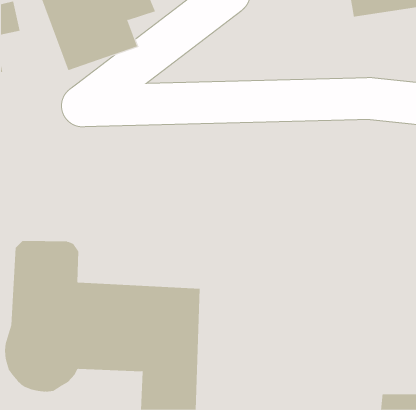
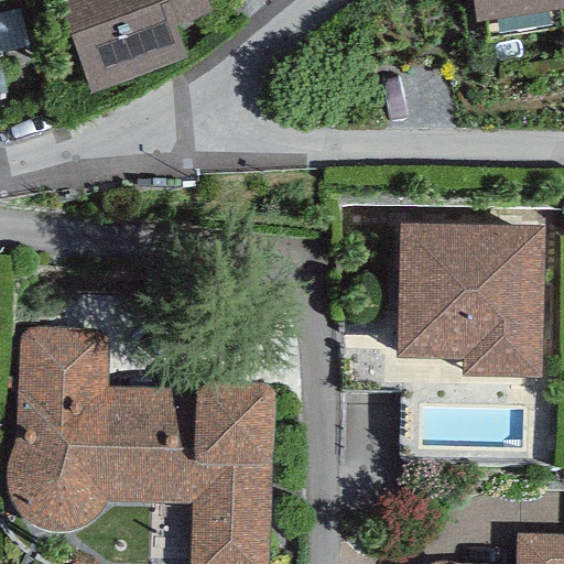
building: none -> [398,227,544,381]

